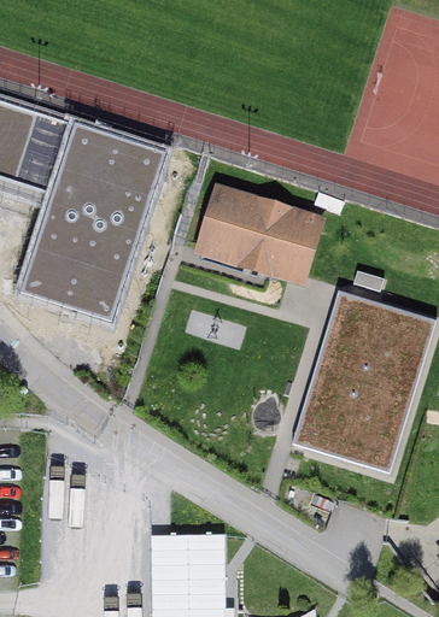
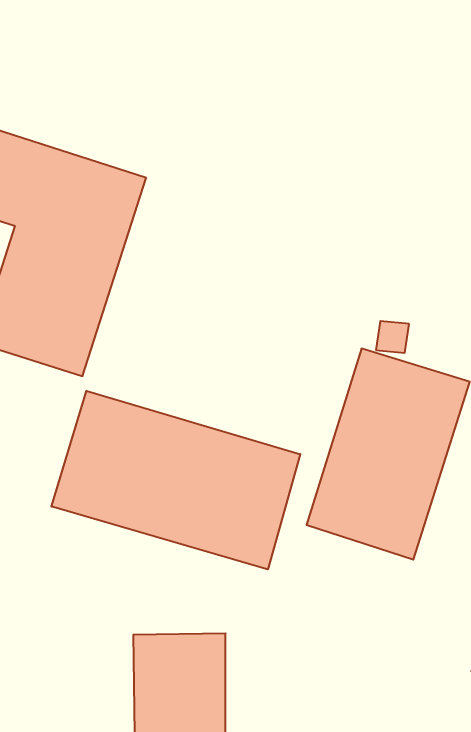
building: [192,188,323,286] -> none
building: none -> [51,391,300,569]

